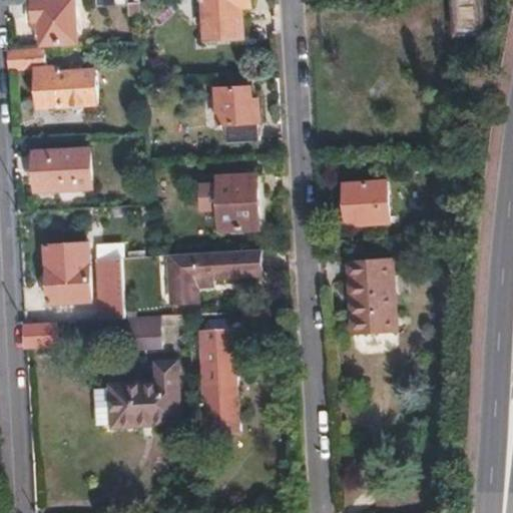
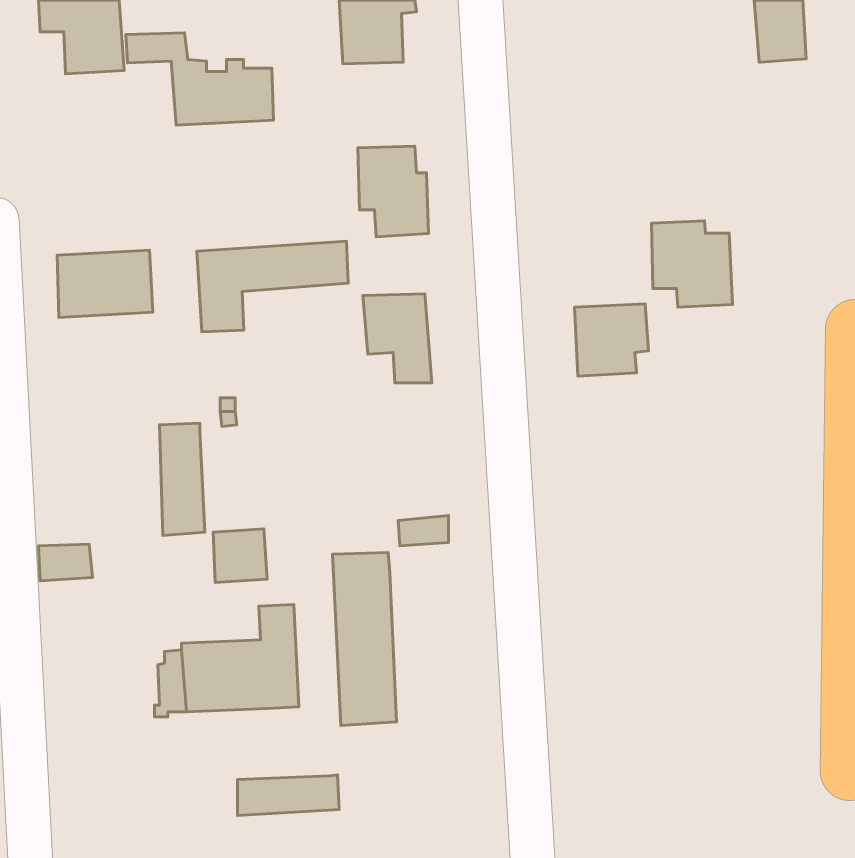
building: [7,51,95,106] -> [126,33,274,125]
building: none -> [651,221,733,307]
building: [44,243,88,303] -> none
building: [168,248,259,303] -> [197,241,348,332]
building: [354,259,397,334] -> none
building: none -> [237,775,339,815]

